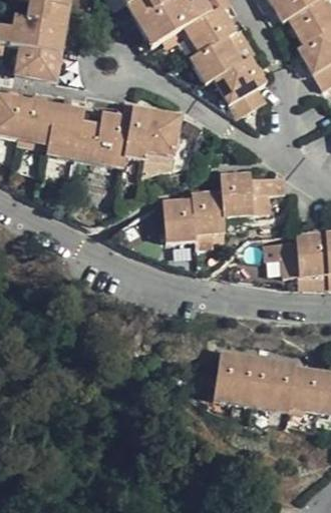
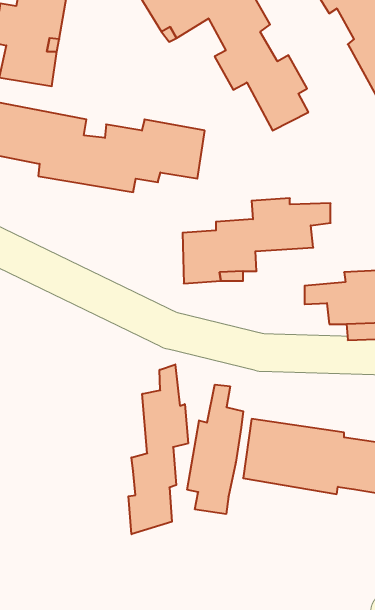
building: none -> [128,364,188,534]
building: none -> [187,385,243,514]

